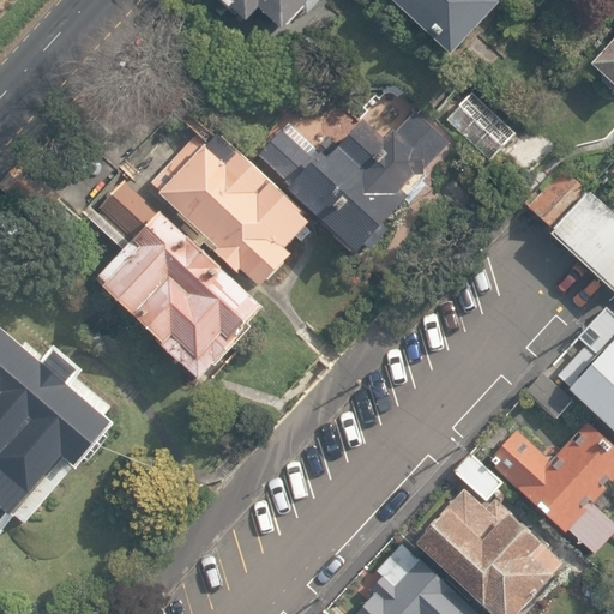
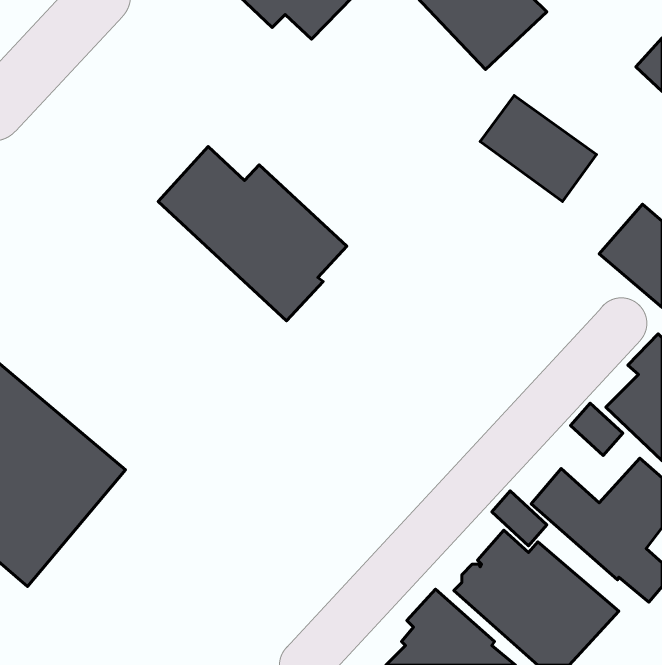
building: [253,98,452,259] -> none
building: [86,180,272,384] -> none

